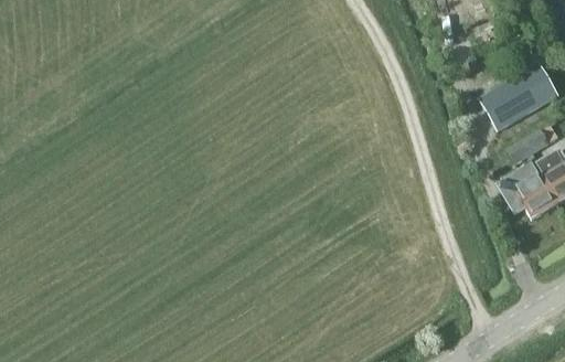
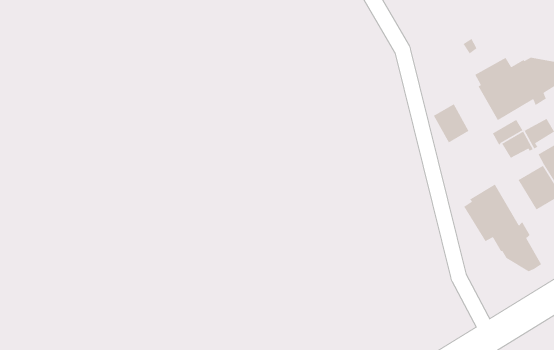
building: none -> [433,103,470,144]
building: none -> [463,183,542,272]

